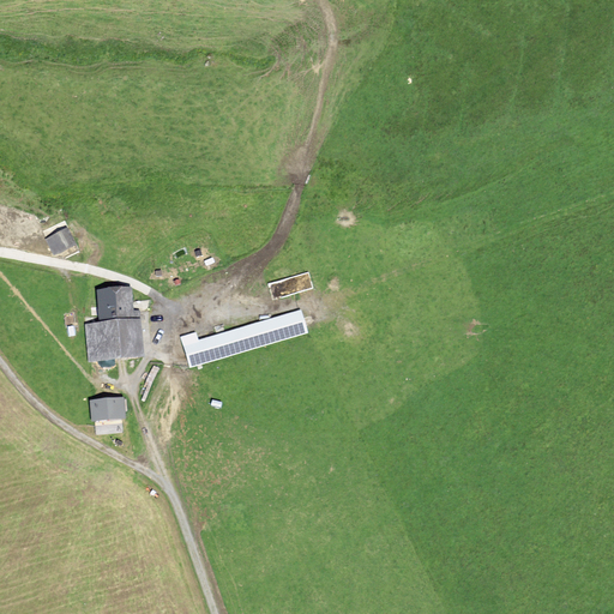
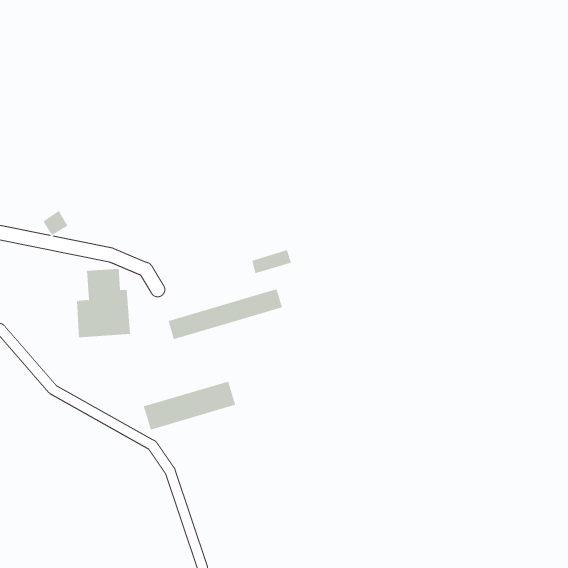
building: [90,397,126,425] -> none
building: none -> [143,381,236,431]

